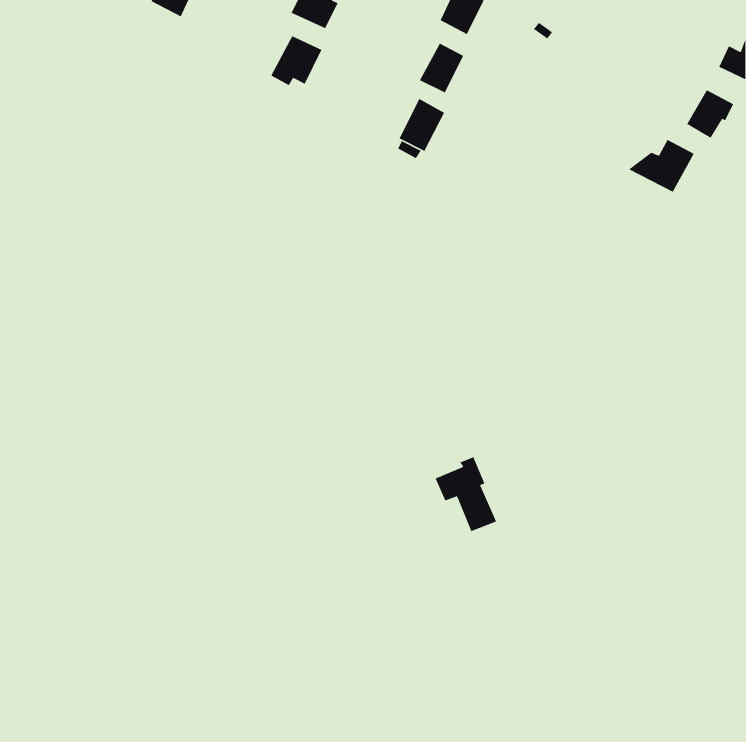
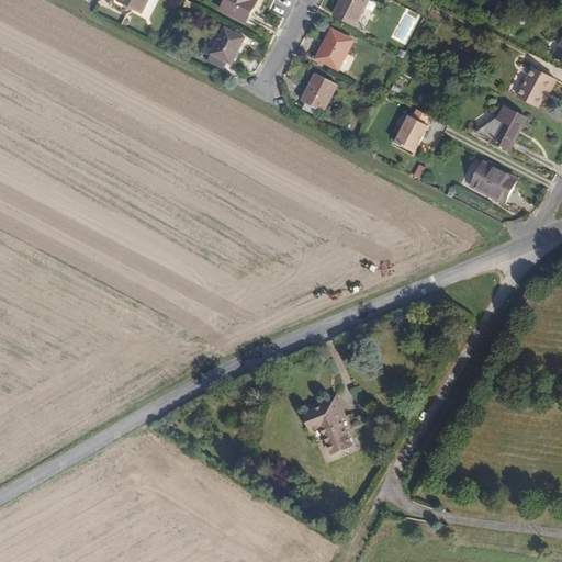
building: none -> [394,113,427,149]
building: none -> [471,159,515,201]
building: [434,456,497,532] -> [308,396,356,453]

